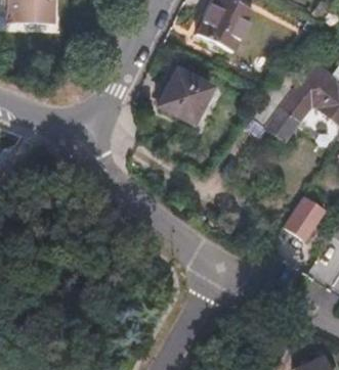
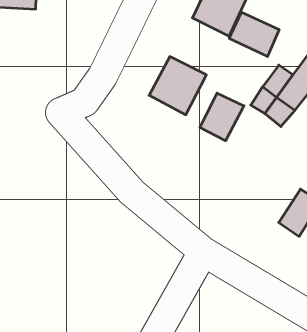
building: none -> [229,12,279,57]
building: none -> [200,93,244,141]

